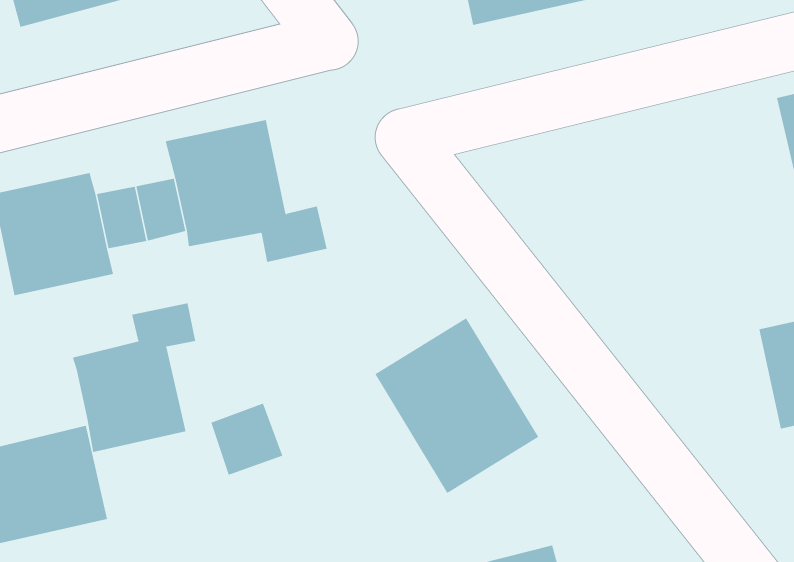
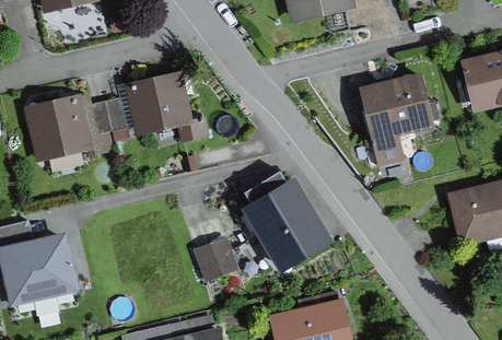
building: none -> [354,79,429,146]
building: [72,302,196,453] -> none
building: [211,403,283,475] -> [197,245,237,285]

